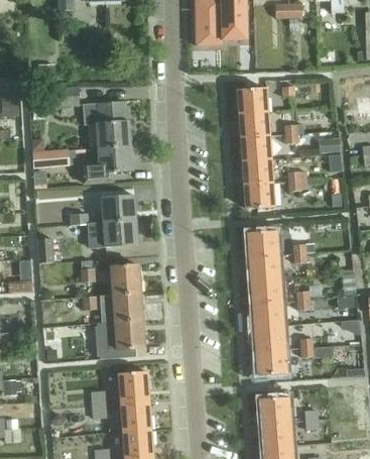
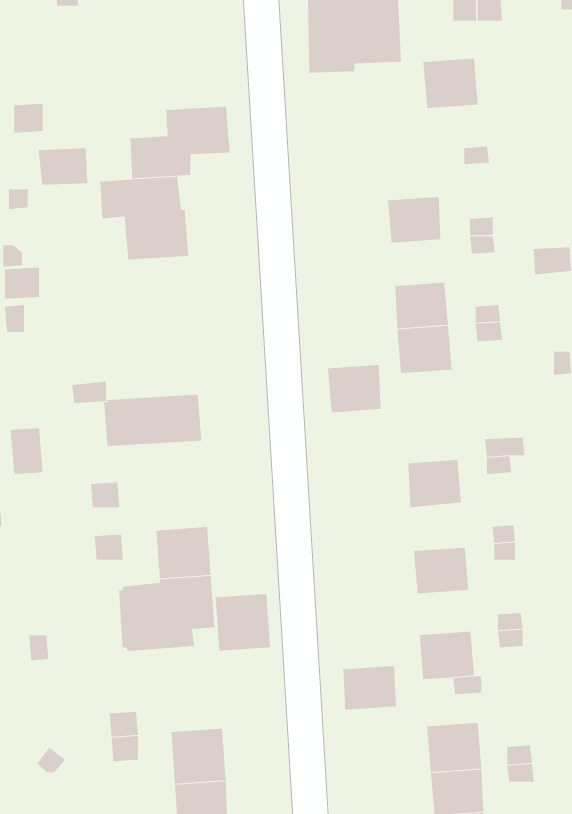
building: [236,87,266,114] -> [423,58,479,108]
building: [240,135,269,160] -> none
building: [79,144,133,184] -> [130,106,230,179]
building: [102,194,136,221] -> none
building: [247,230,276,256] -> [327,364,381,413]
building: [111,262,141,293] -> none
building: [250,277,280,304] -> none
building: [254,325,283,349] -> [343,665,397,710]
building: [119,370,149,401] -> [215,593,271,651]

